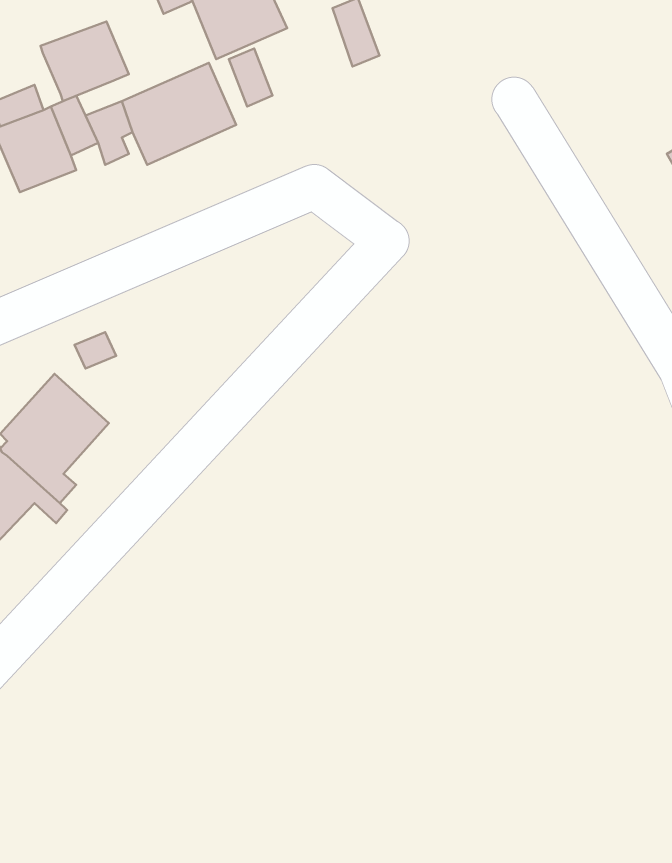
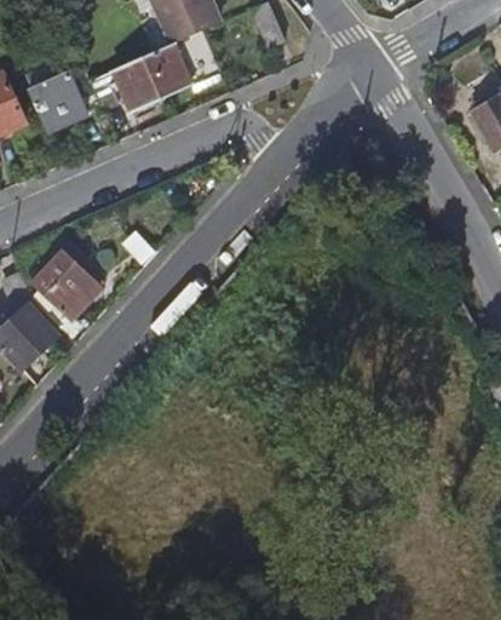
building: [41,22,129,101] -> none

